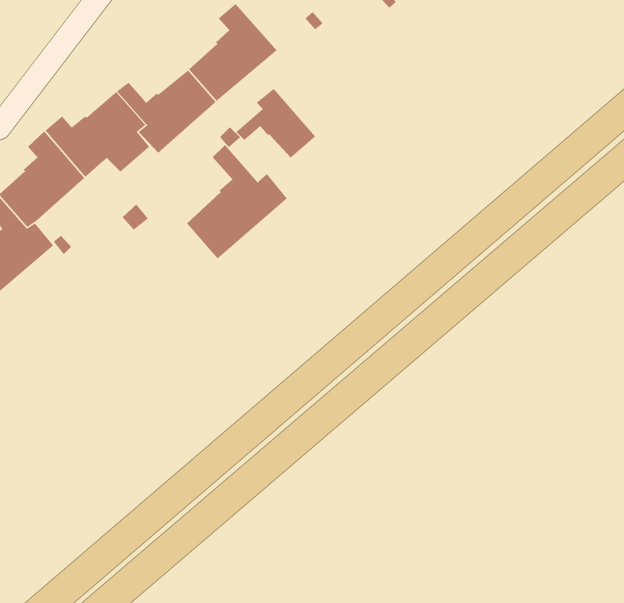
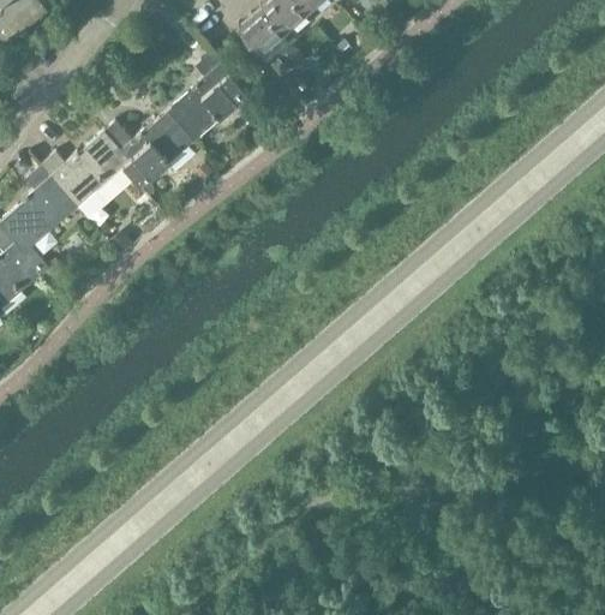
building: [236,88,316,159] -> none
building: [186,144,288,259] -> none

